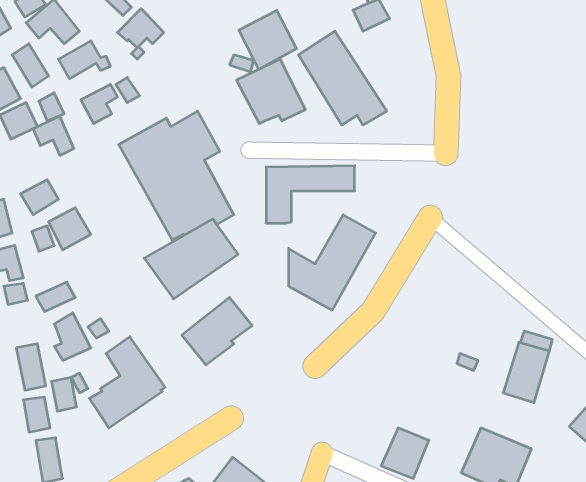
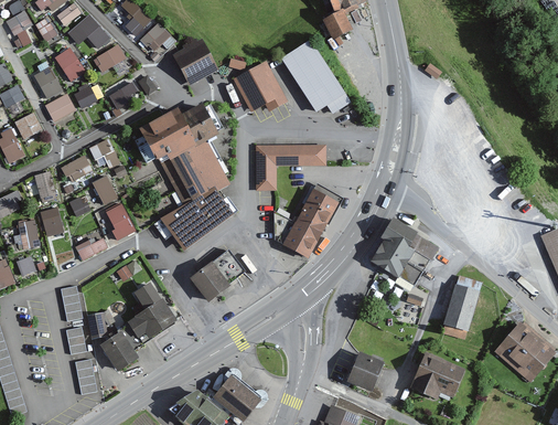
building: [239,10,297,69] -> [173,39,218,85]
building: [33,116,74,155] -> [88,138,120,169]
building: none -> [369,216,439,285]
building: [54,313,91,360] -> [107,204,136,242]
building: none -> [99,331,137,371]

